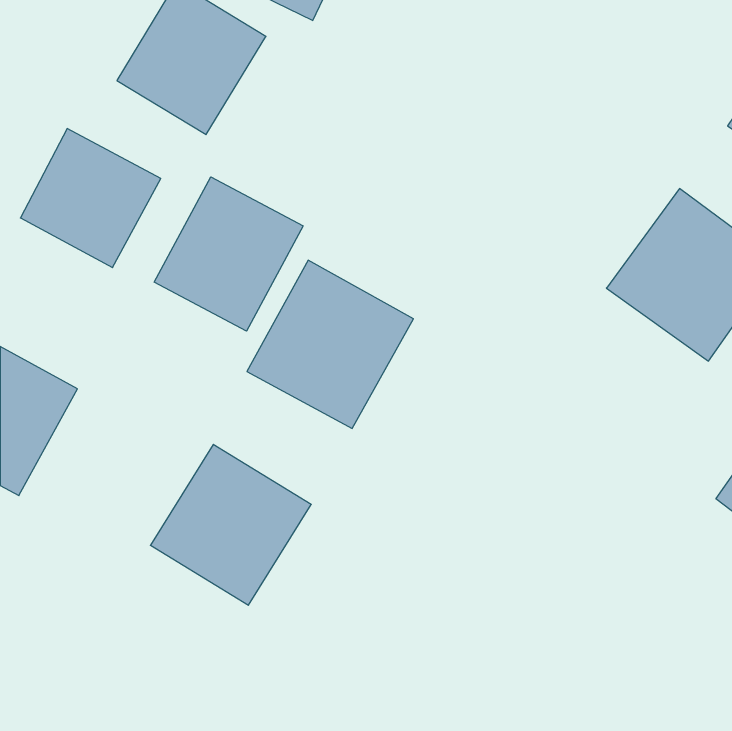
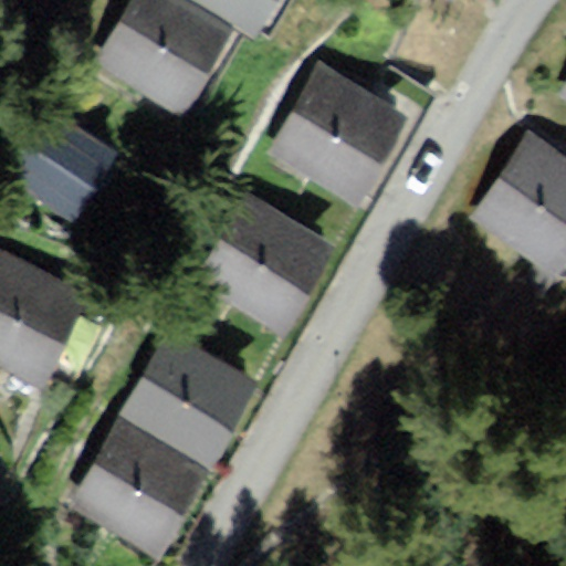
building: none -> [282,73,397,189]
building: [154,177,303,331] -> none
building: none -> [76,430,192,546]

